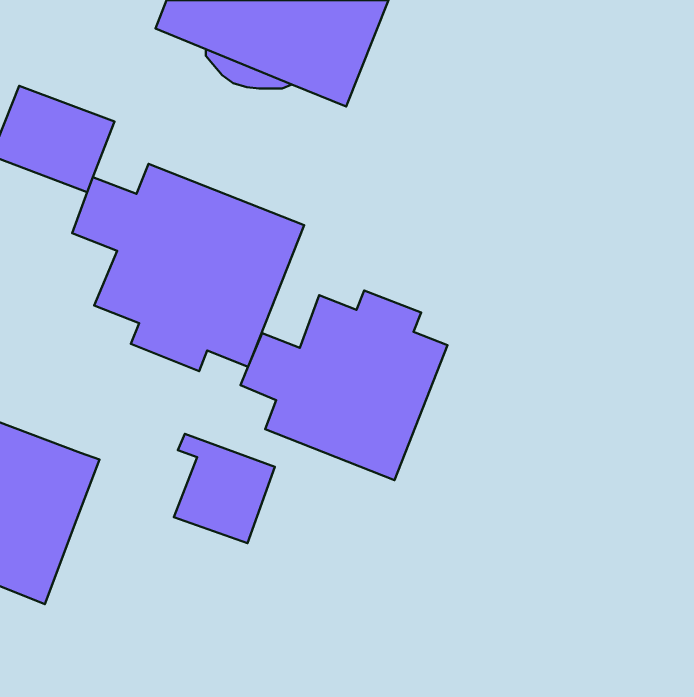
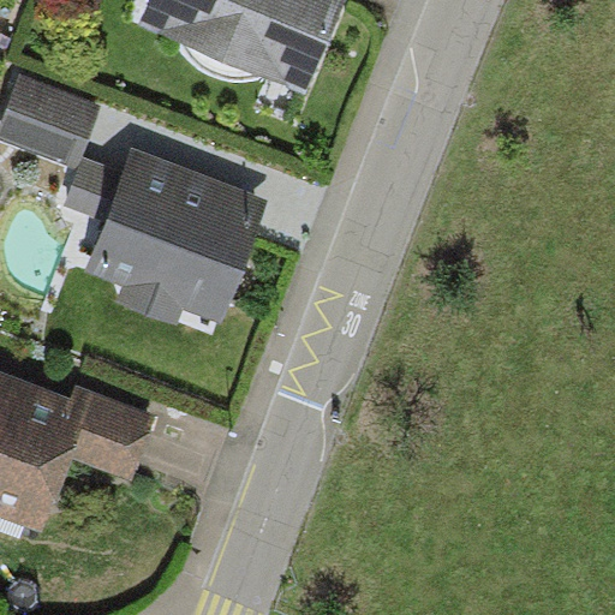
building: [240,290,448,480] -> none
building: [174,434,275,543] -> [67,384,156,480]

